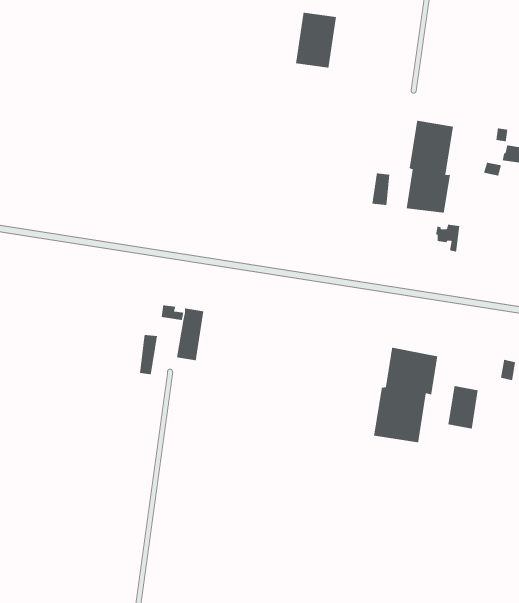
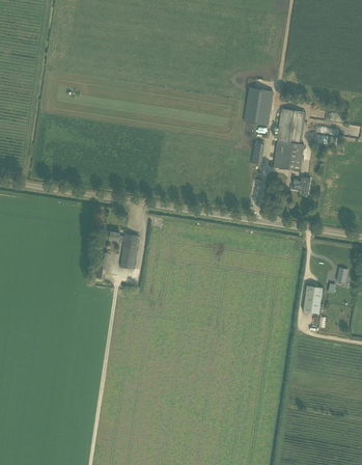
building: [295,12,337,68] -> [244,87,272,125]
building: [374,347,438,443] -> none

